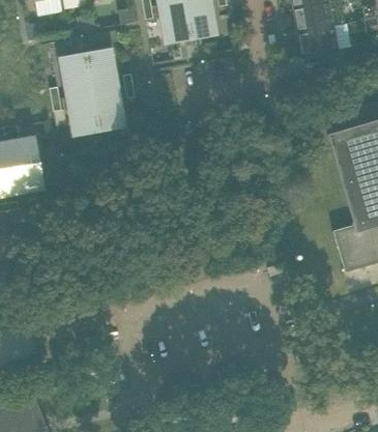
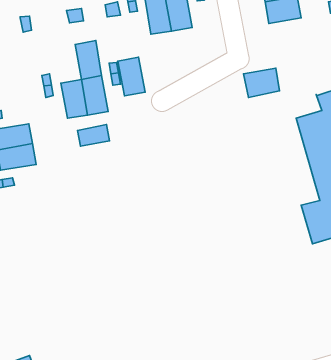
building: [297,25,337,57] -> [244,68,280,98]
building: [62,54,92,96] -> [118,57,145,96]
building: none -> [78,125,109,146]

